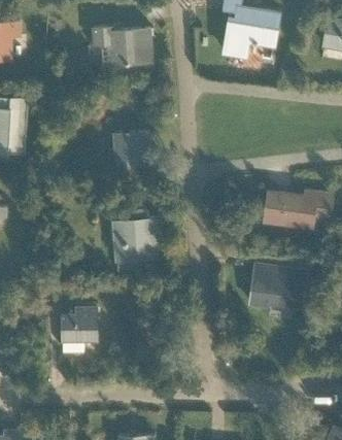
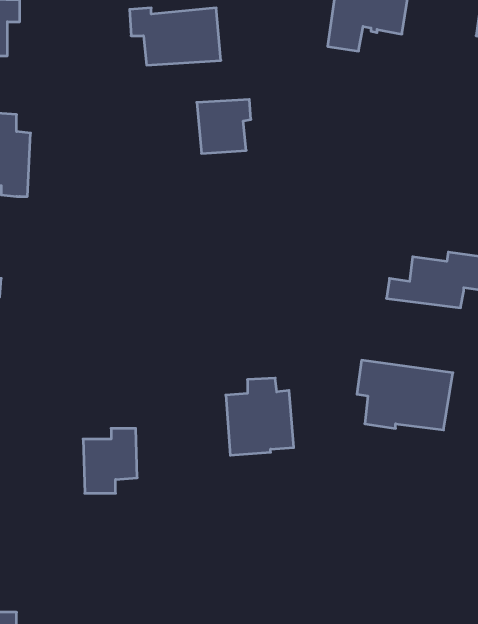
building: [112,132,148,168] -> [197,99,251,153]
building: [112,210,158,262] -> [226,378,294,455]

